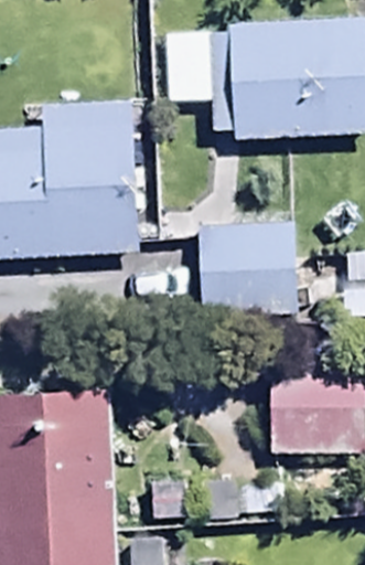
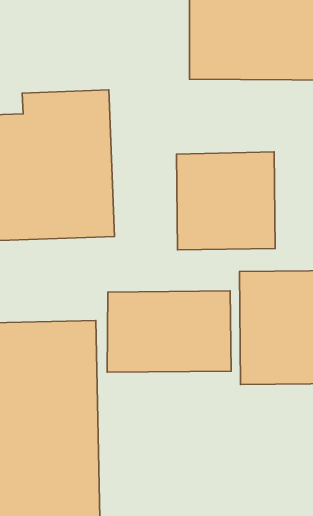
building: none -> [107,291,231,372]

